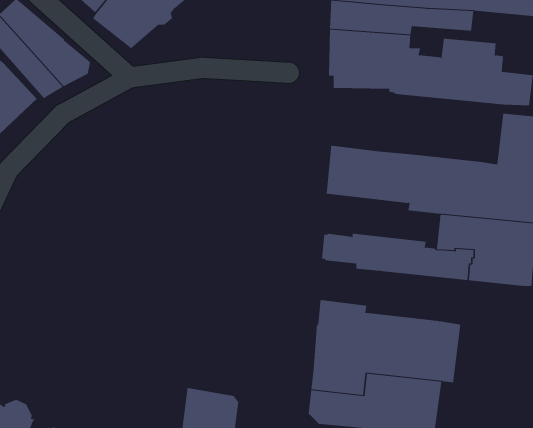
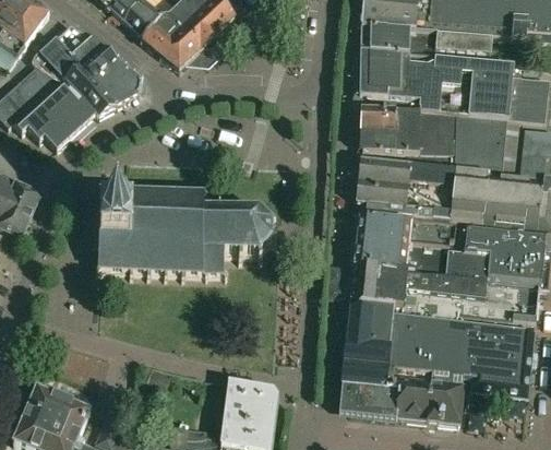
building: none -> [362,107,507,171]
building: none -> [93,181,277,276]
building: none -> [355,214,456,245]
building: none -> [351,262,540,321]
building: none -> [475,321,536,381]

